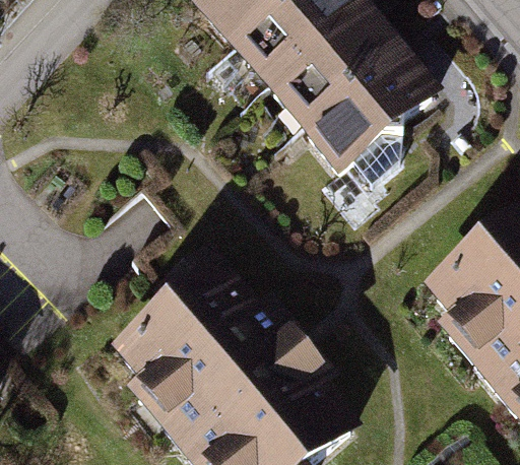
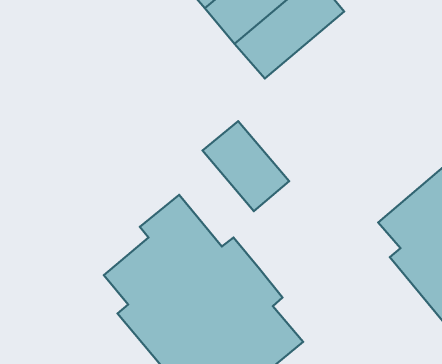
building: [303,52,428,183] -> none
building: none -> [203,121,289,211]

